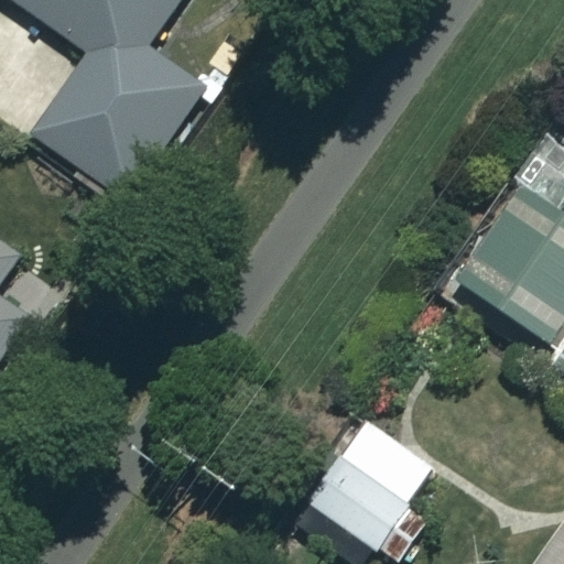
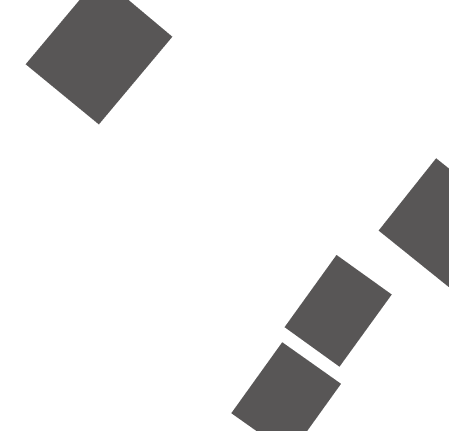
building: none -> [283,254,393,368]

